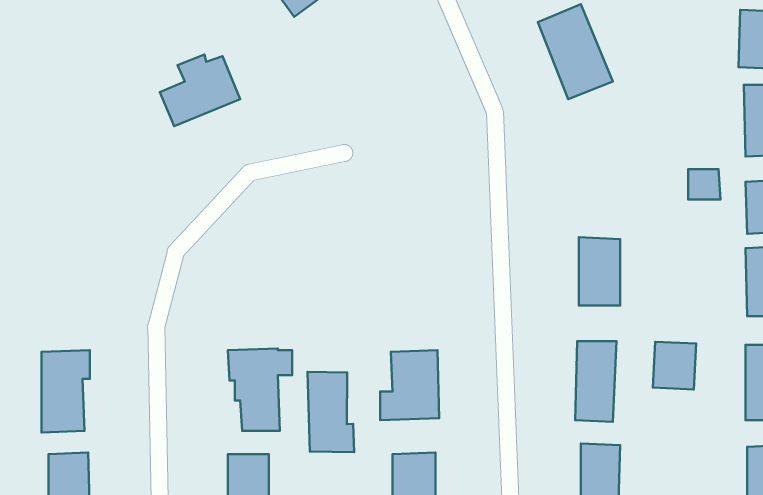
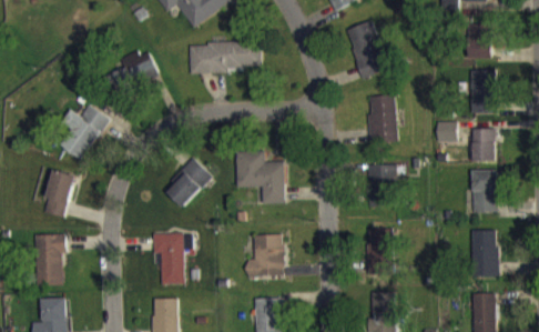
building: none -> [189,42,261,72]
building: none -> [367,95,397,143]
building: none -> [54,107,109,160]
building: none -> [235,151,284,204]
building: none -> [167,158,213,208]
building: none -> [43,170,77,218]
building: [653,342,696,389] -> none
building: [308,372,354,452] -> none

